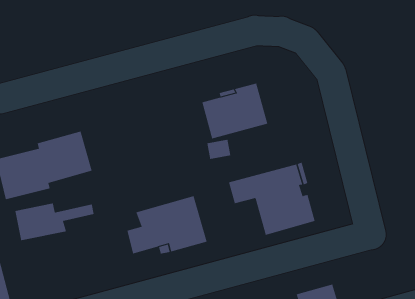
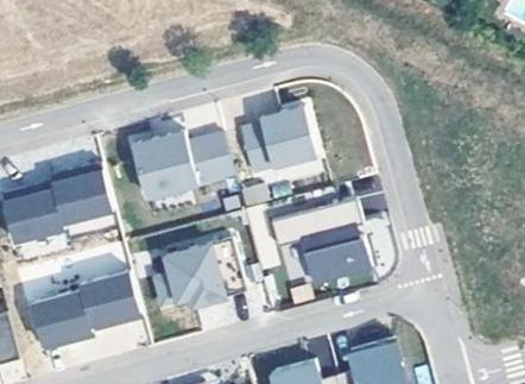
building: none -> [131,136,232,201]
building: none -> [27,275,140,354]

